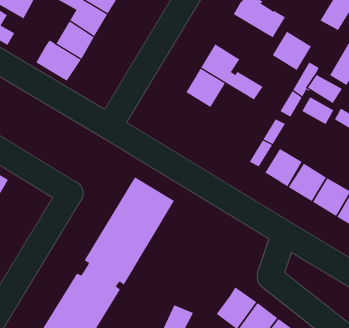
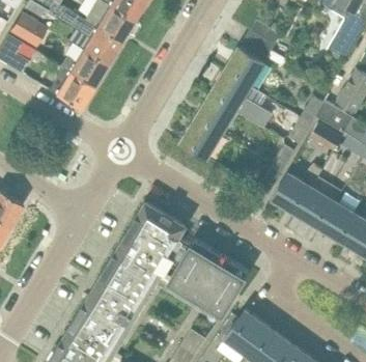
building: [272,31,312,71] -> [225,48,264,87]
building: none -> [181,119,221,159]
building: none -> [169,240,248,313]

